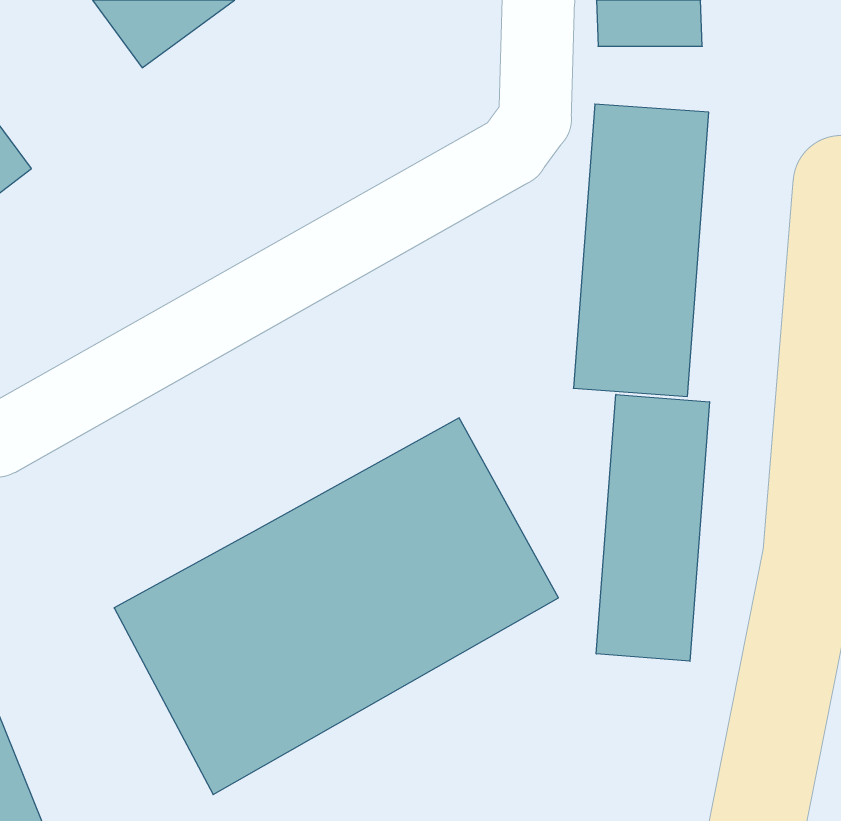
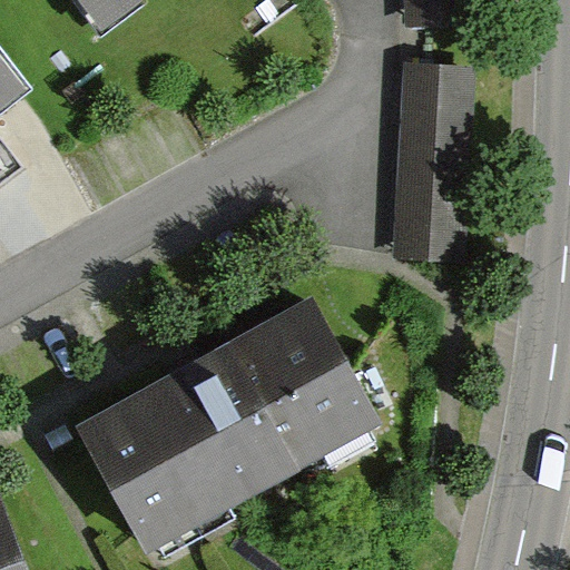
building: [596,394,710,661] -> none

